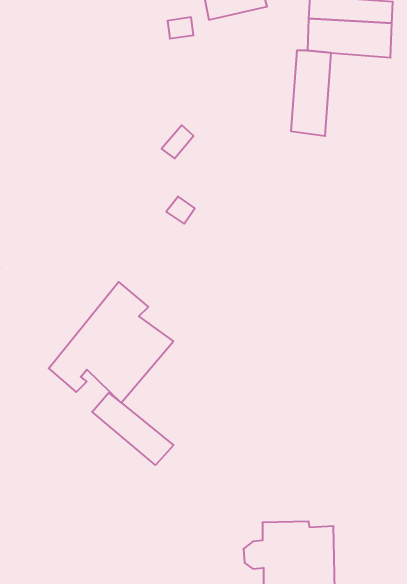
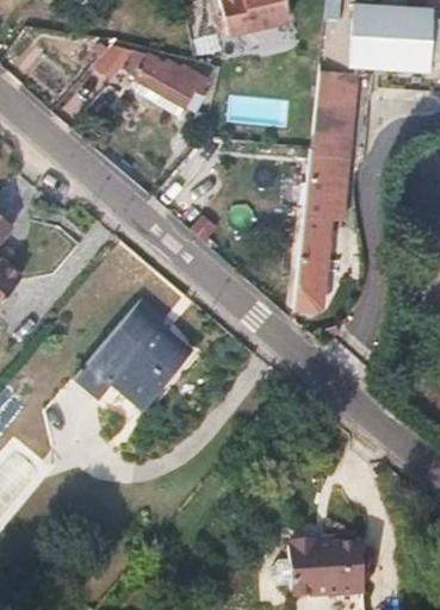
building: none -> [92,38,202,107]
building: none -> [304,145,351,300]
building: [92,393,173,465] -> none

